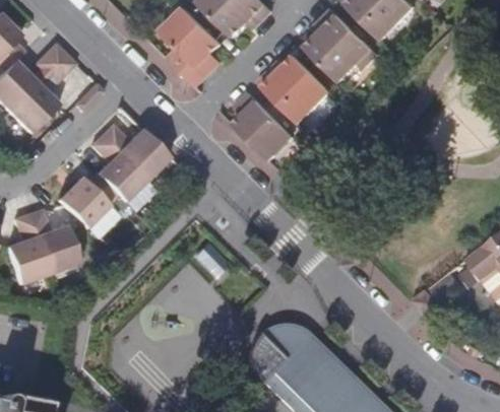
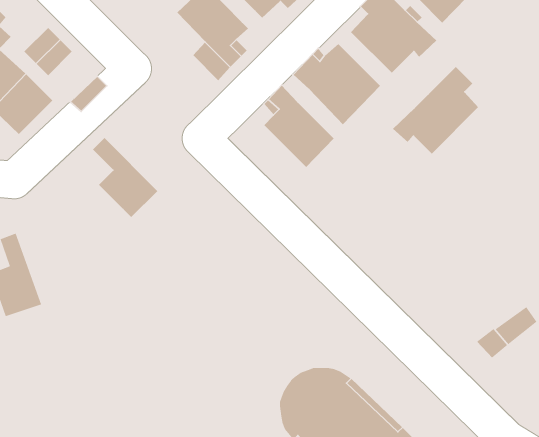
building: none -> [392,66,479,154]
building: [102,125,169,180] -> none
building: [58,175,117,228] -> none
building: [28,209,79,274] -> none

